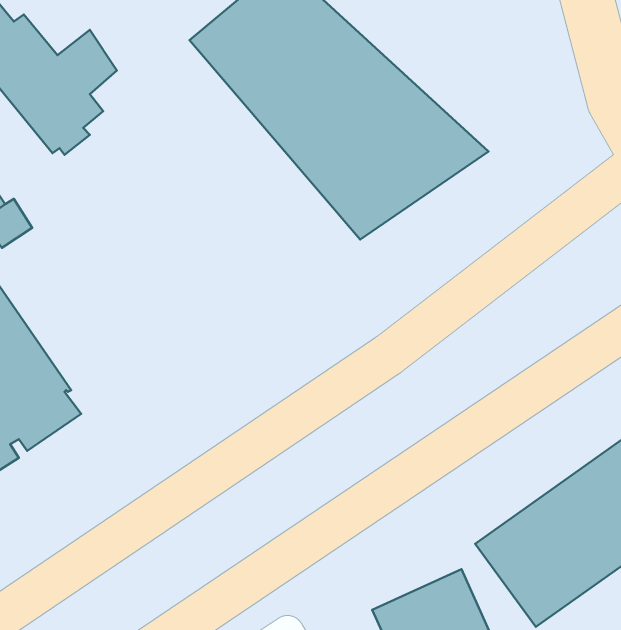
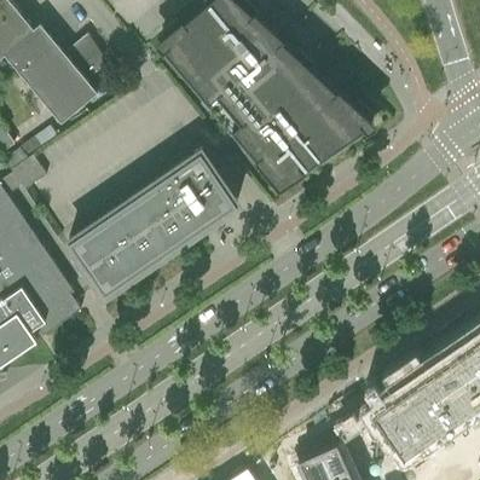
building: none -> [68,152,237,296]

